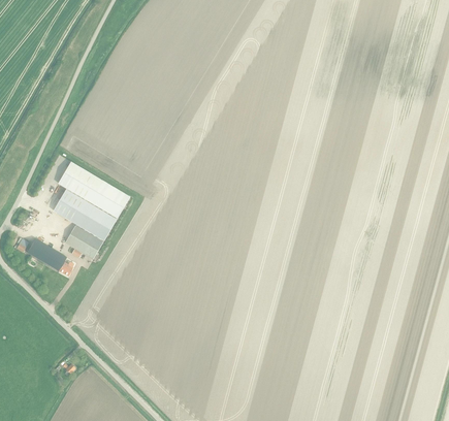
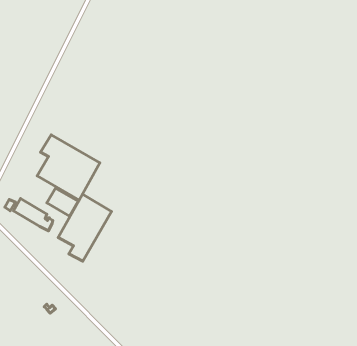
building: none -> [58,194,111,261]

